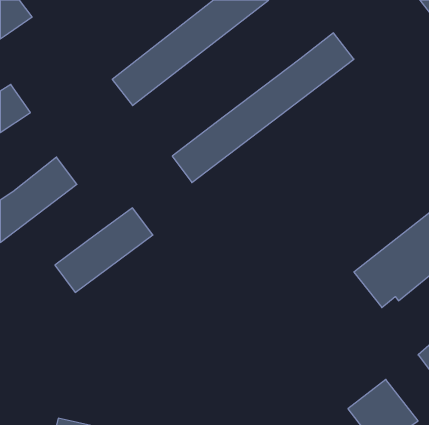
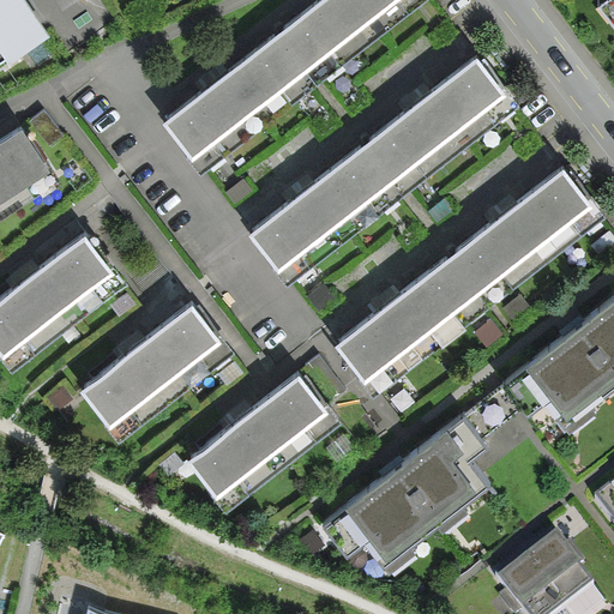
building: none -> [335,167,594,381]
building: none -> [187,372,330,499]
building: none -> [319,423,490,571]

